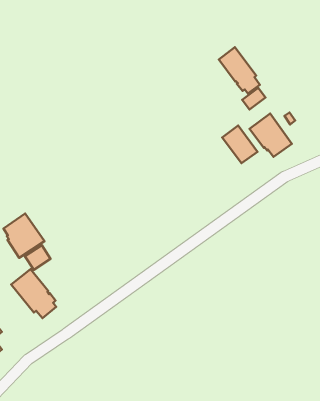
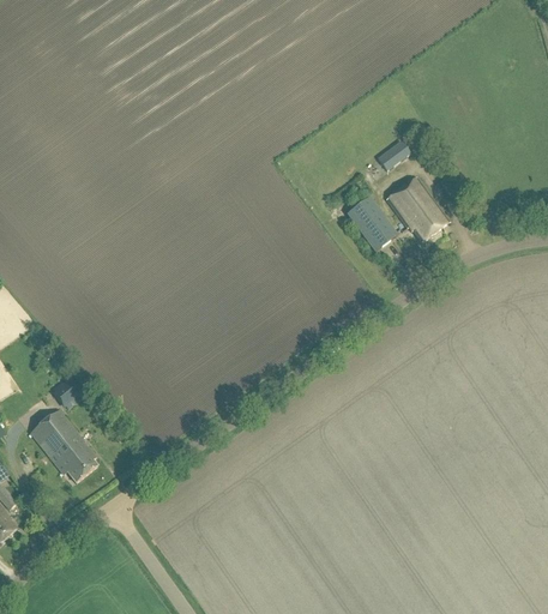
building: [219,47,260,94] -> none
building: [4,214,44,258] -> none

